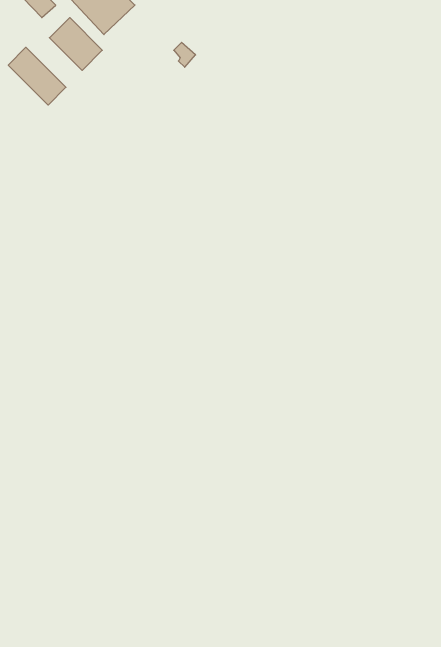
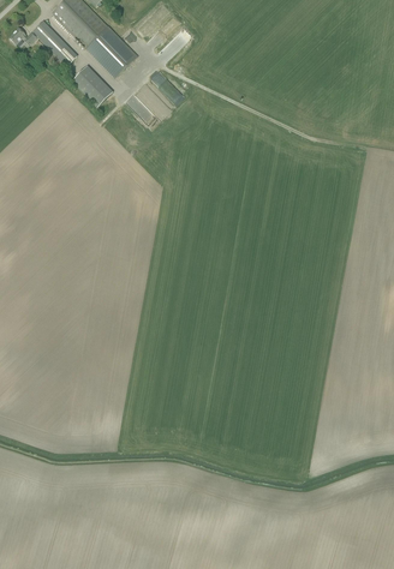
building: [8,47,66,105] -> none

